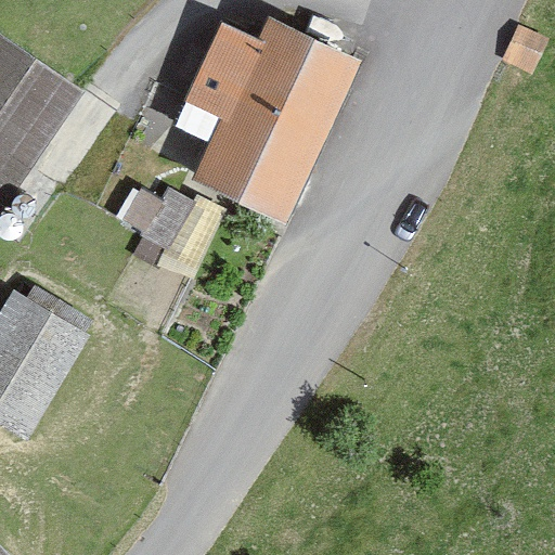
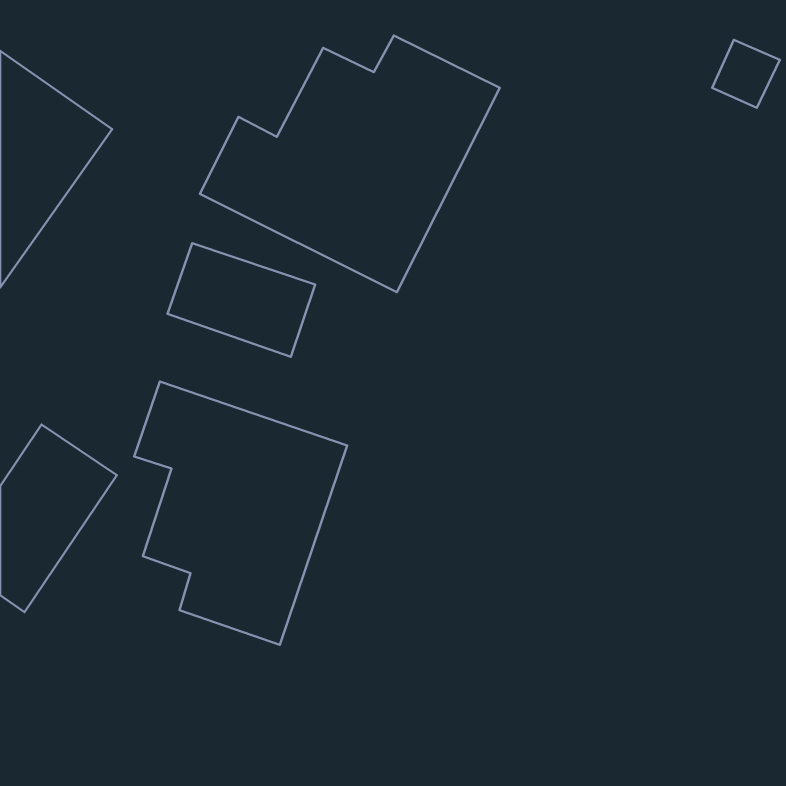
building: none -> [134,382,347,645]

